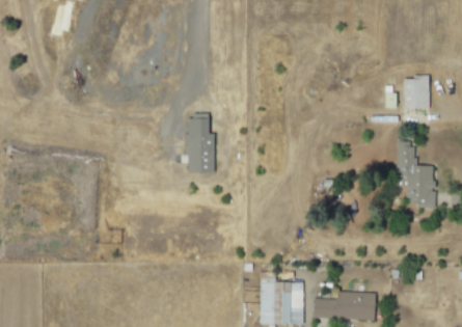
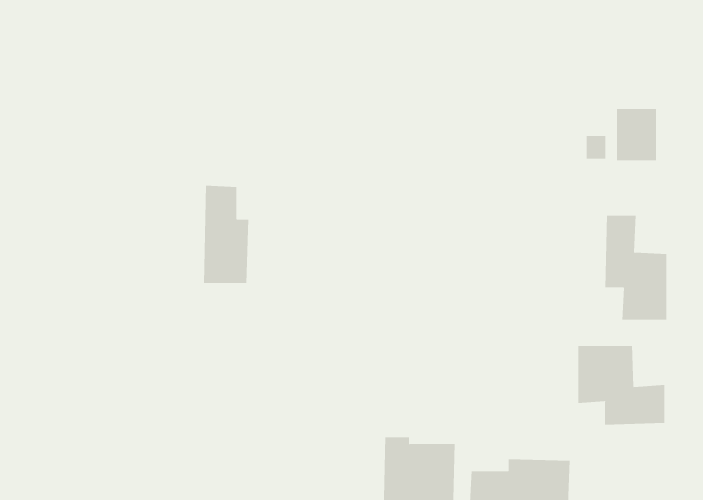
building: [186,113,214,173] -> [203,185,249,283]
building: none -> [578,345,665,426]

